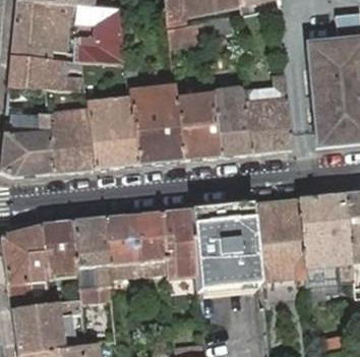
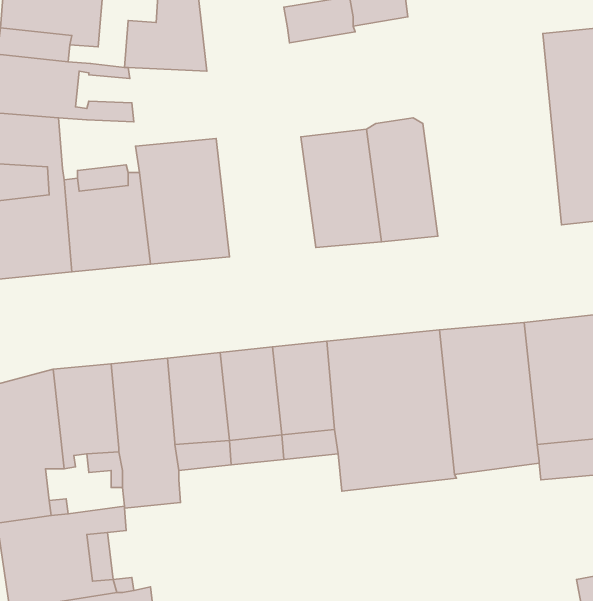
building: [242,74,294,153] -> none
building: [127,77,184,164] -> none

